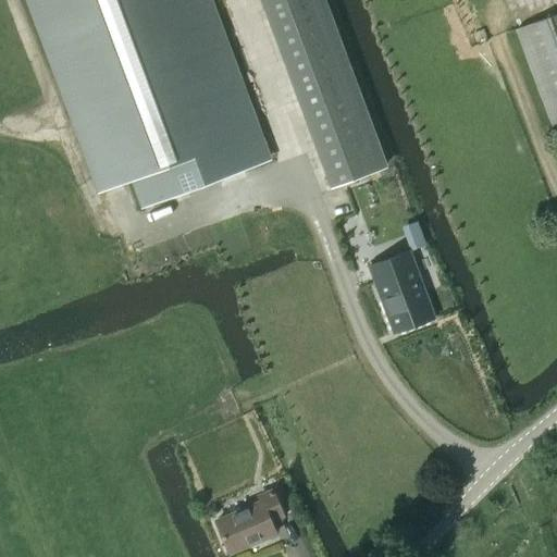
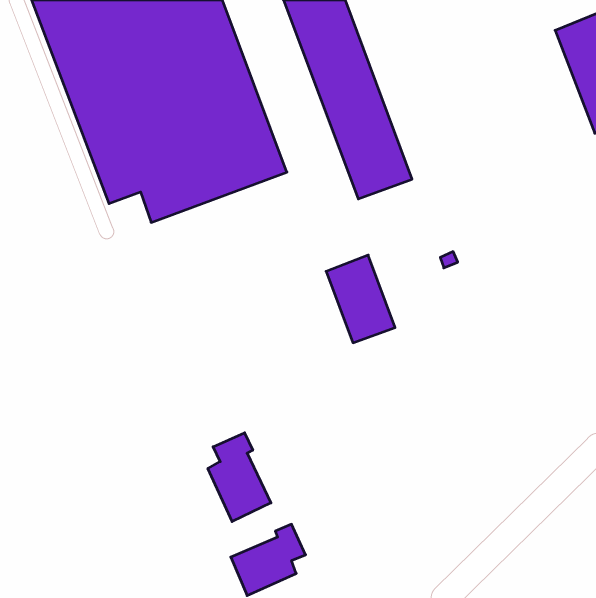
building: [371,250,435,332] -> [326,255,395,343]
building: none -> [208,433,271,522]

